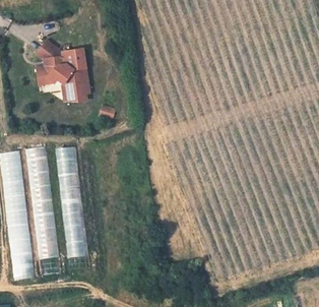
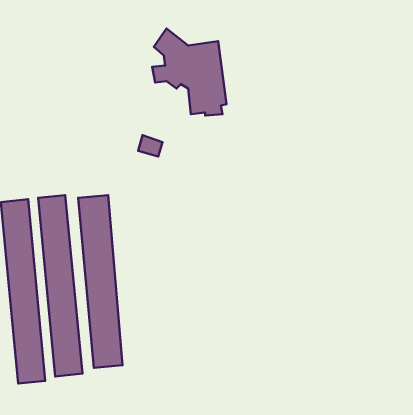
building: [35,39,87,101] -> [152,28,227,115]

